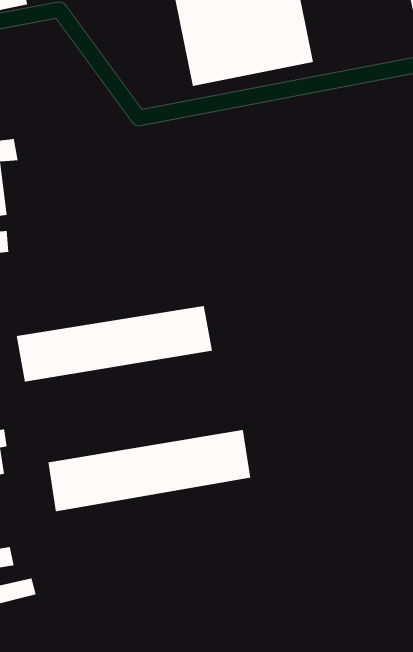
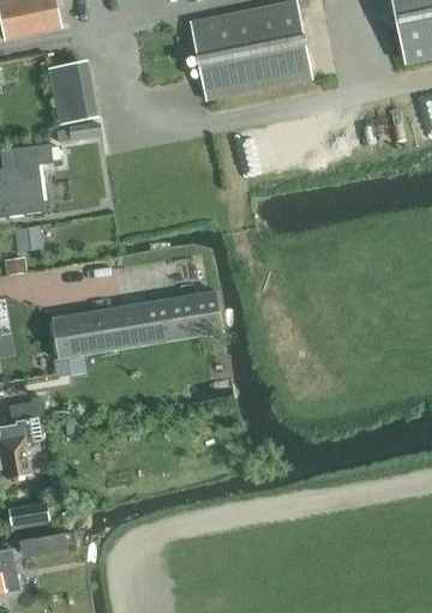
building: none -> [49,60,92,124]
building: [48,429,251,512] -> none

